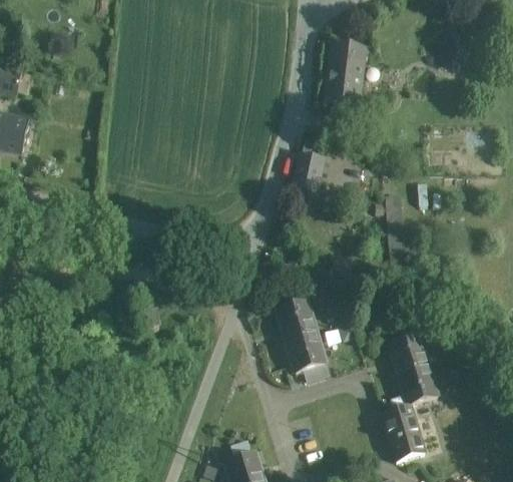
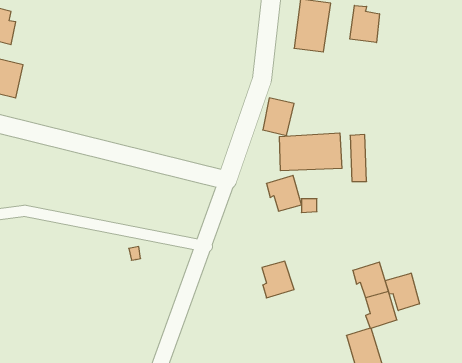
building: none -> [350,5,379,43]
building: none -> [279,133,342,171]
building: [276,298,314,337] -> [266,175,301,211]
building: none -> [385,273,419,311]

